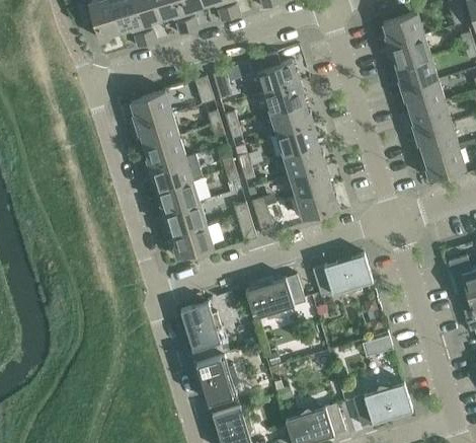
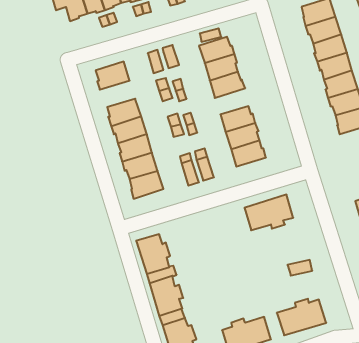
building: [136,115,179,147] -> none
building: [276,124,318,156] -> none
building: [246,276,306,320] -> none

